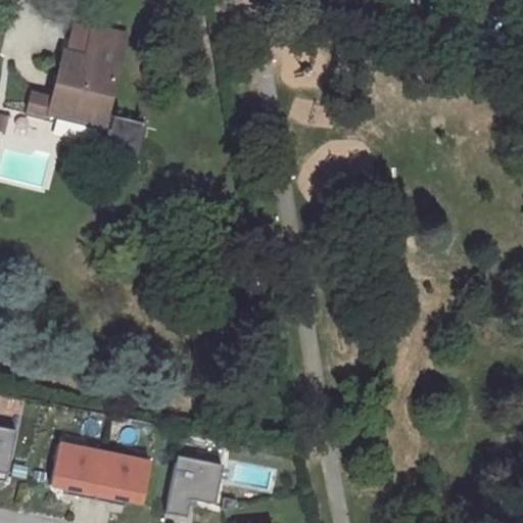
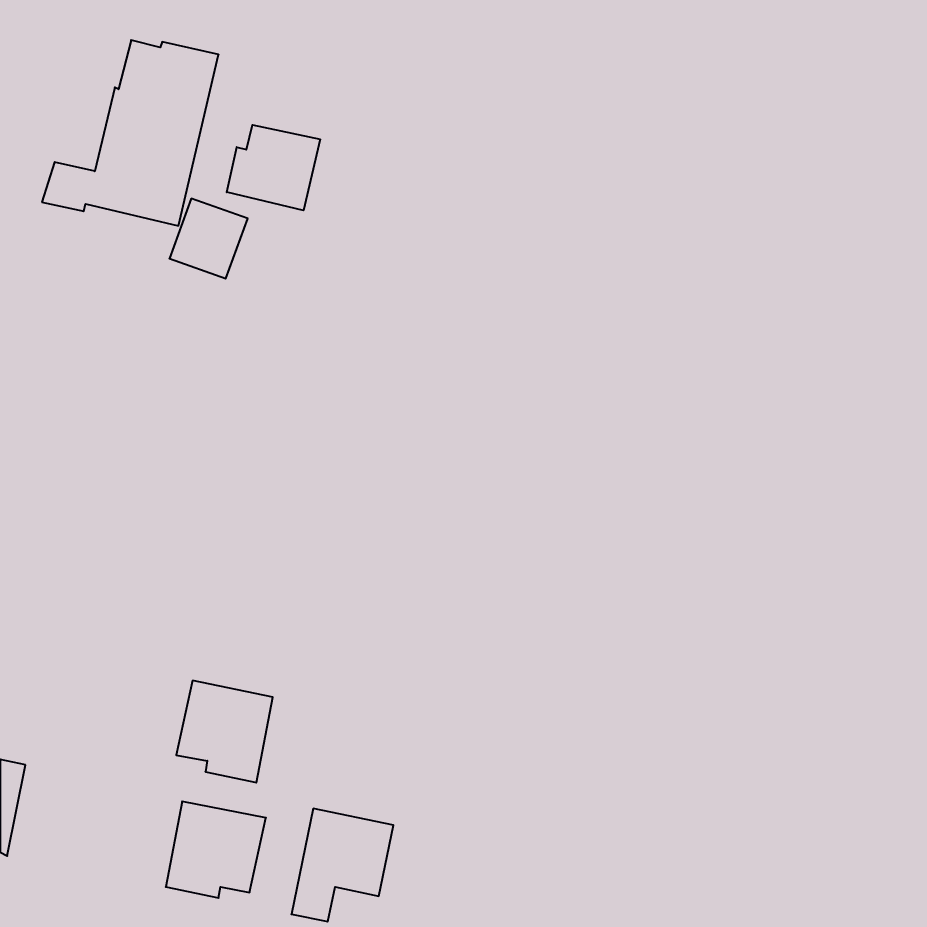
building: none -> [227,125,320,210]
building: [50,440,104,497] -> [176,681,273,783]

